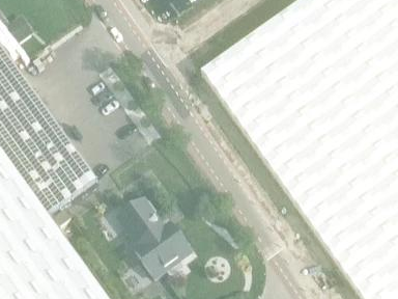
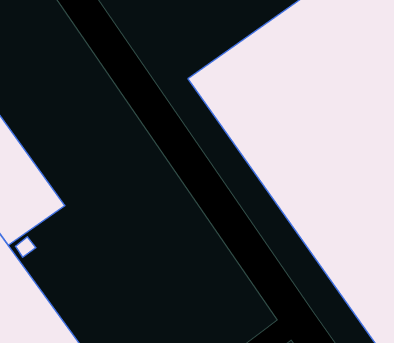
building: [117,197,190,276] -> none

